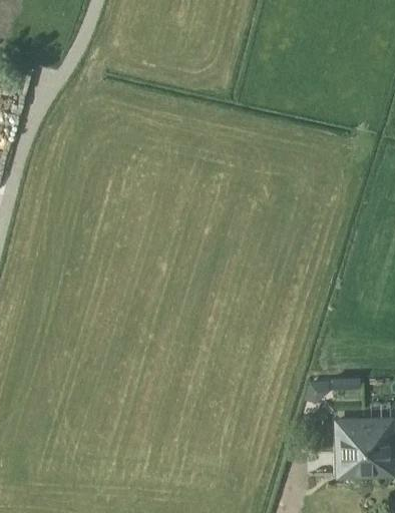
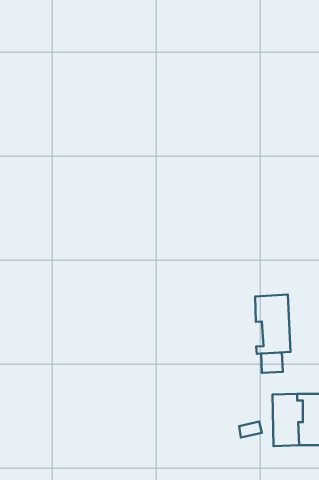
building: none -> [255,294,291,354]

